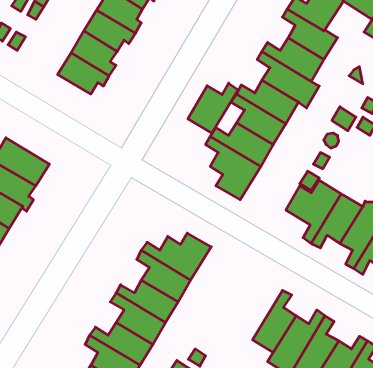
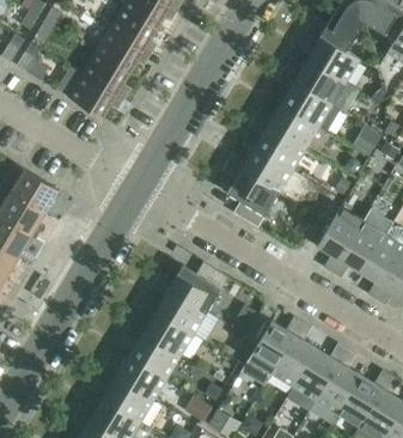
building: [188,83,238,133] -> none
building: none -> [242,314,303,384]

